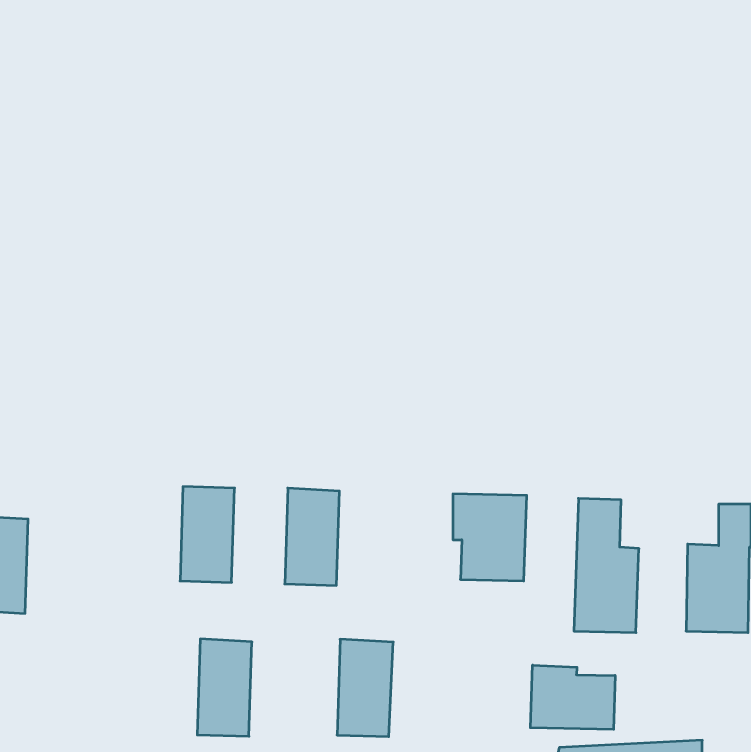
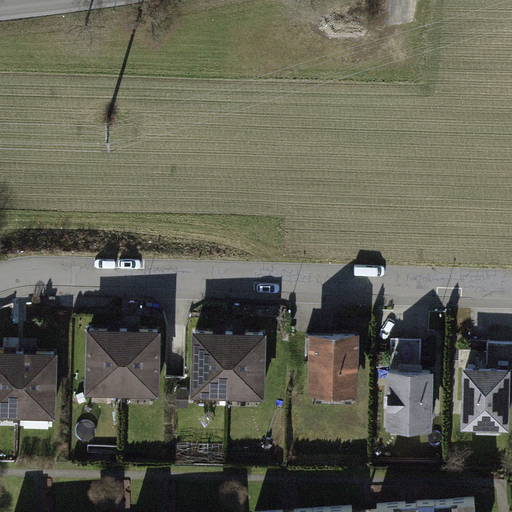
building: none -> [18,353,55,419]
building: [197,639,252,736] -> [87,329,124,395]
building: [337,639,393,737] -> [228,333,266,399]
building: [530,665,615,729] -> none

